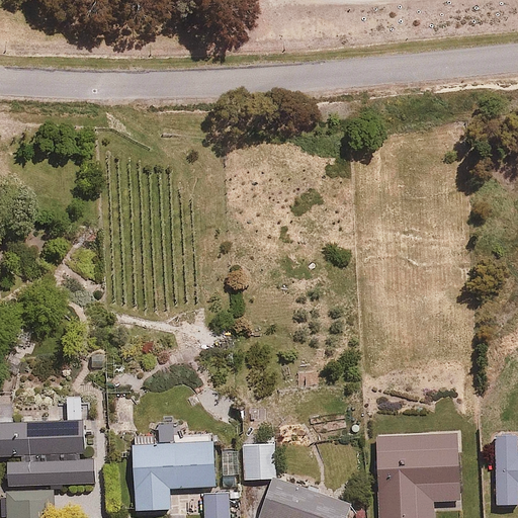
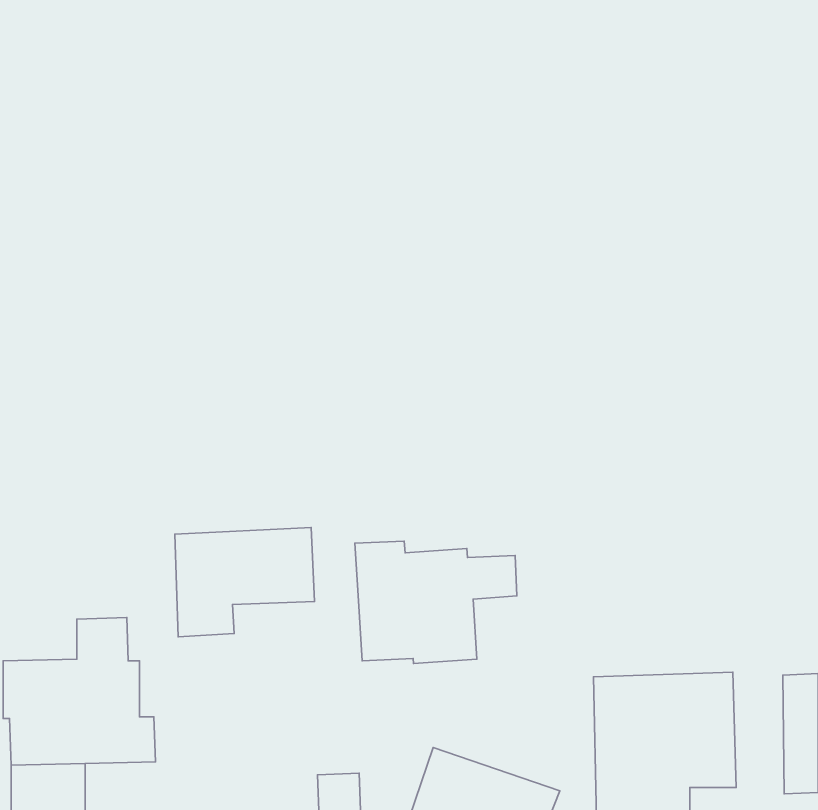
building: none -> [355,541,517,664]
building: [132,442,220,511] -> [175,528,314,637]
building: [242,444,272,482] -> none

